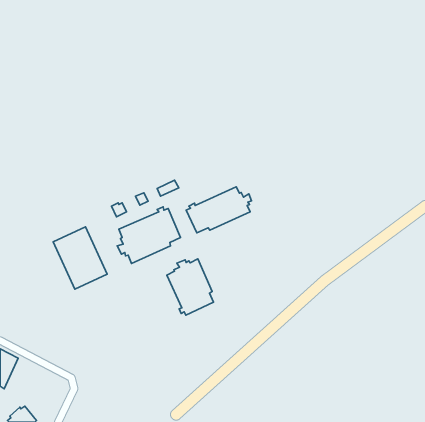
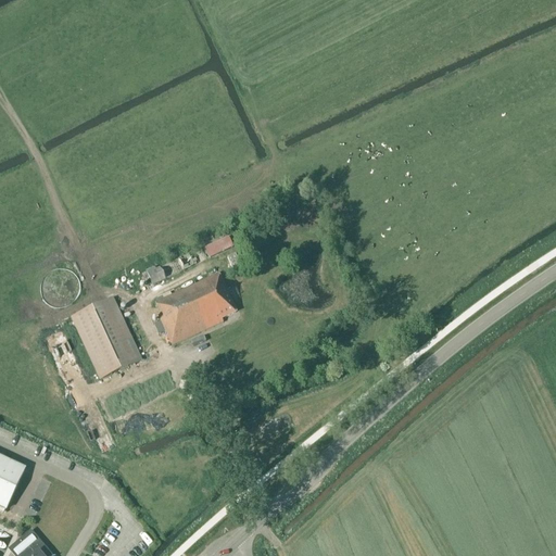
building: [186,187,251,233] -> none
building: [167,259,213,315] -> none

